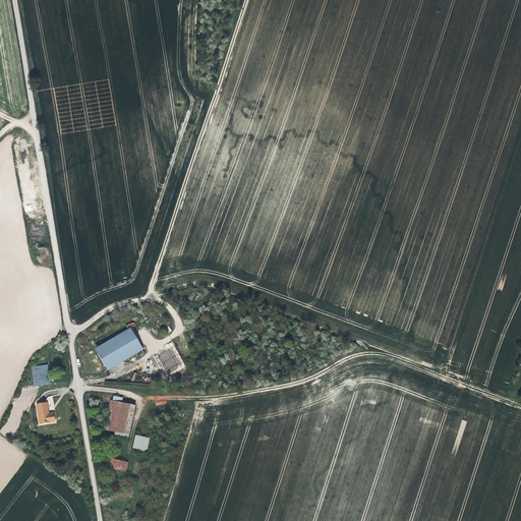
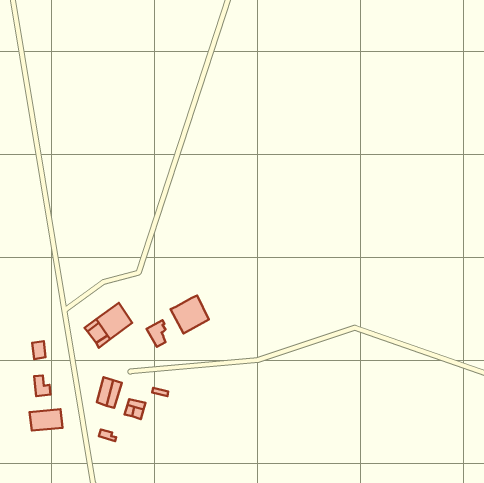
building: none -> [171,295,209,334]
building: none -> [29,409,62,430]

